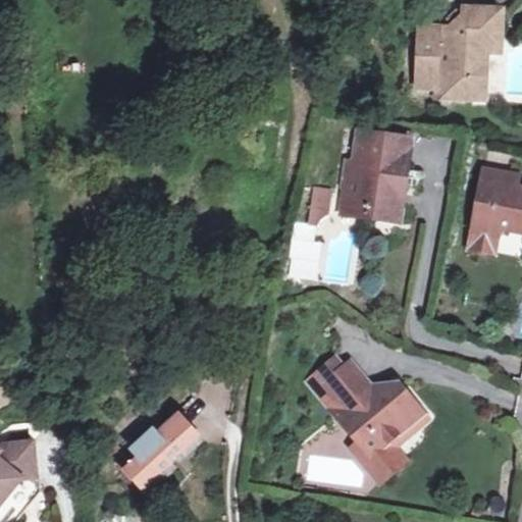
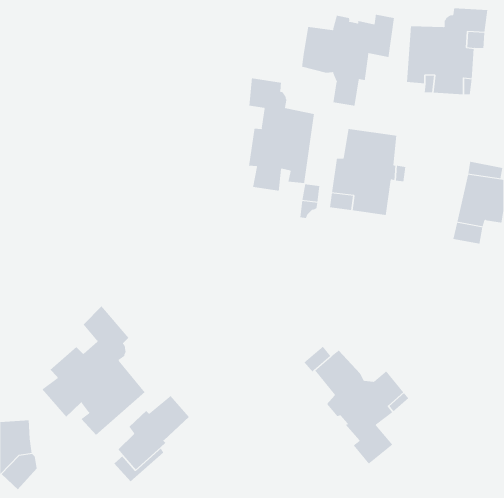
building: none -> [301,14,395,106]
building: none -> [249,77,314,192]
building: none -> [42,306,145,436]

